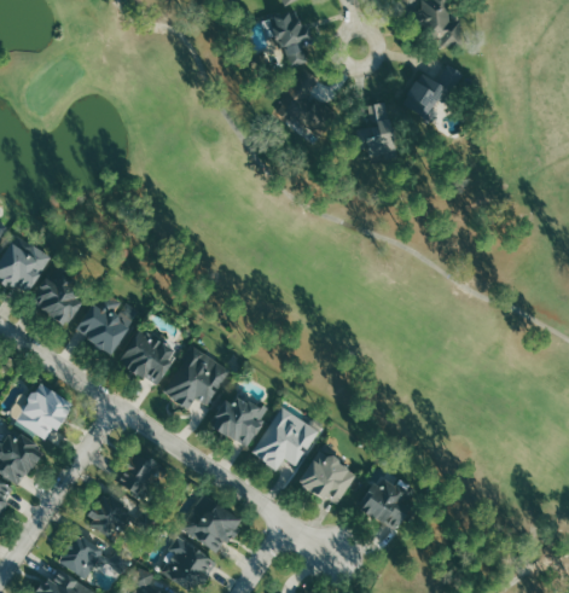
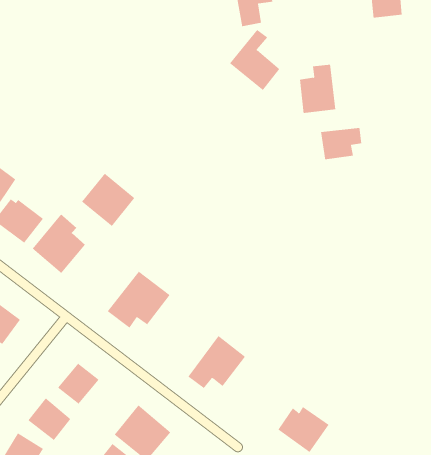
building: [402,74,447,124] -> none
building: none -> [321,127,362,160]
building: [118,329,178,388] -> [81,173,135,227]
building: [210,391,268,448] -> none
building: [298,450,358,507] -> none

